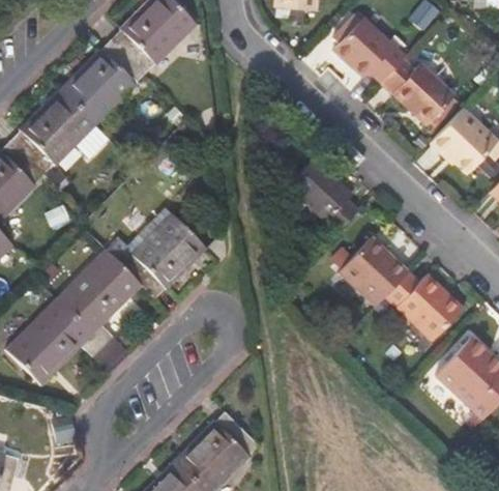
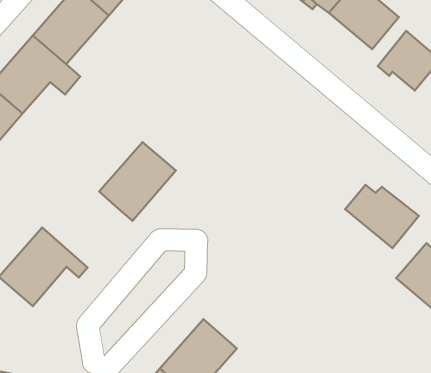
building: [289,160,360,235] -> none
building: [342,239,411,309] -> none
building: [57,248,141,344] -> none

